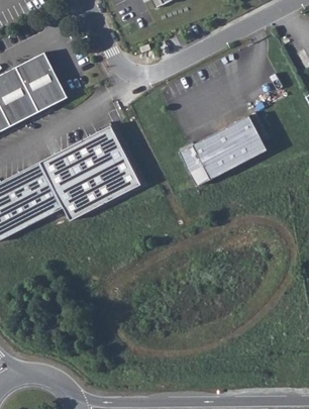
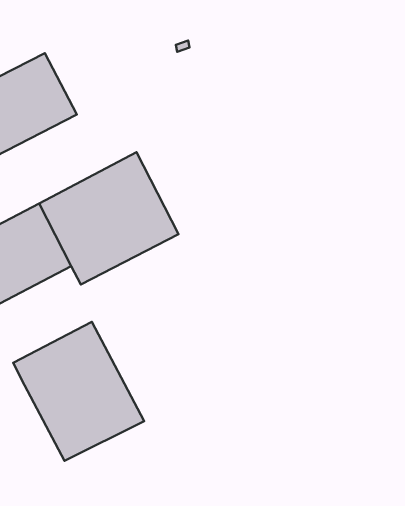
building: [179,114,268,186] -> none
building: none -> [13,322,144,461]

